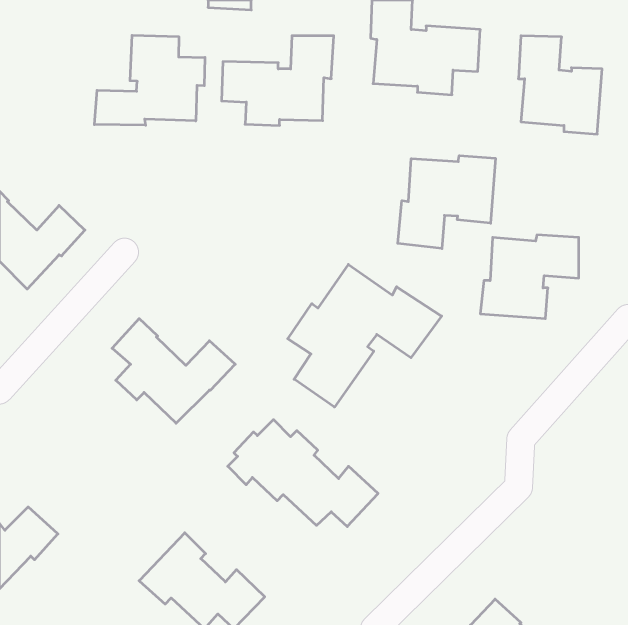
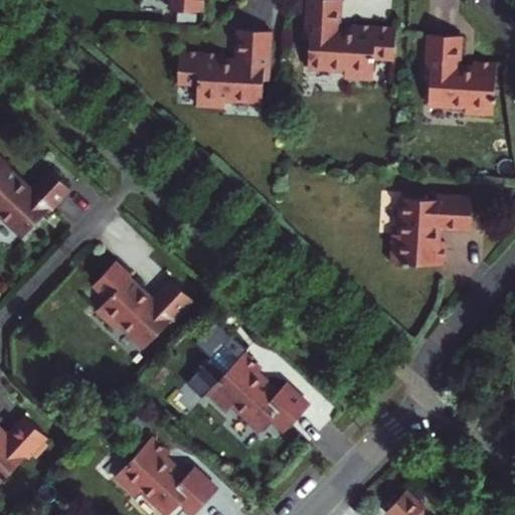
building: [94,35,205,125] -> none
building: [398,156,495,249] -> none
building: [288,264,442,407] -> none

